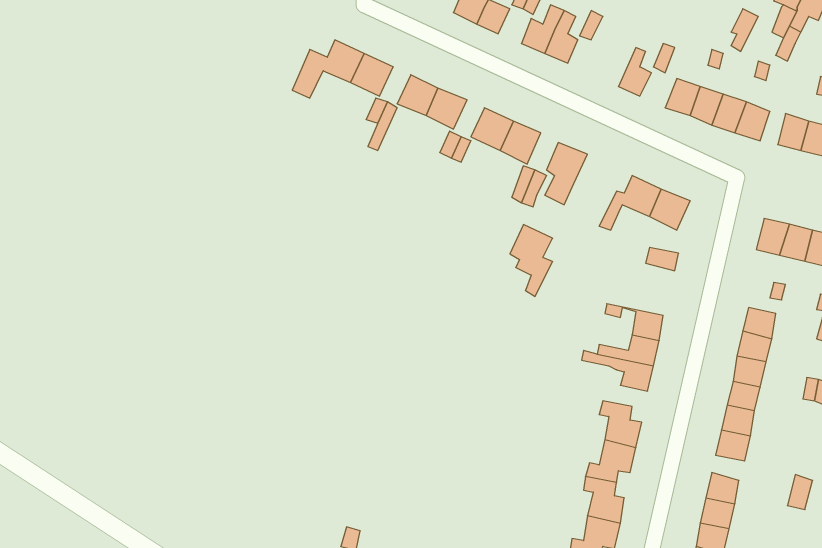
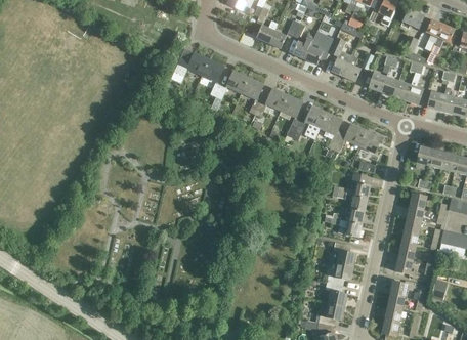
building: none -> [330,40,351,76]
building: [510,225,553,296] -> [319,112,341,150]
building: none -> [336,172,369,197]

